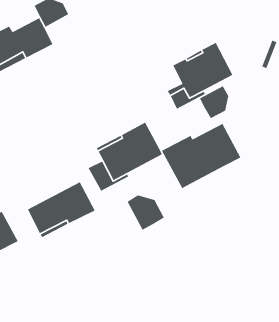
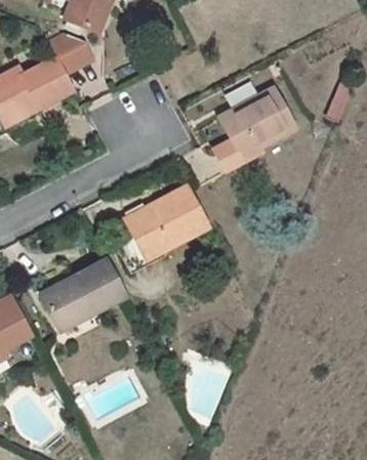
building: [199,85,229,119] -> none
building: [161,123,241,189] -> none
building: [126,194,165,231] -> none

